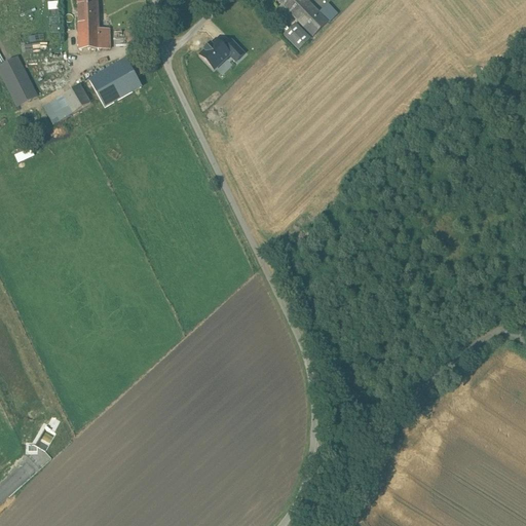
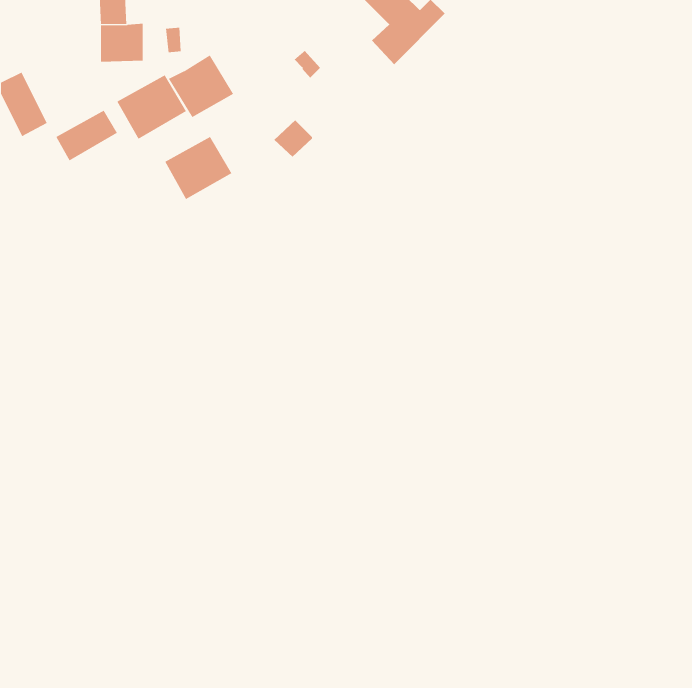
building: [199,38,229,67] -> [274,120,313,158]
building: none -> [168,55,234,118]
building: none -> [164,136,232,200]

